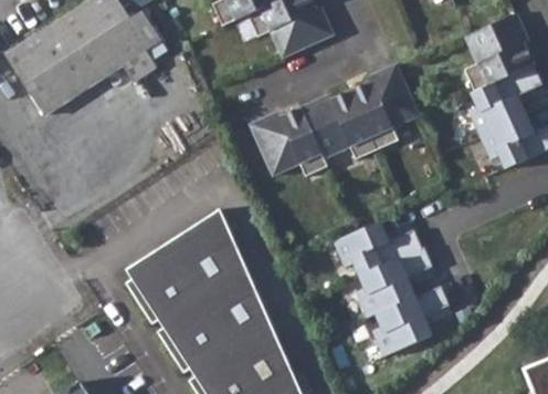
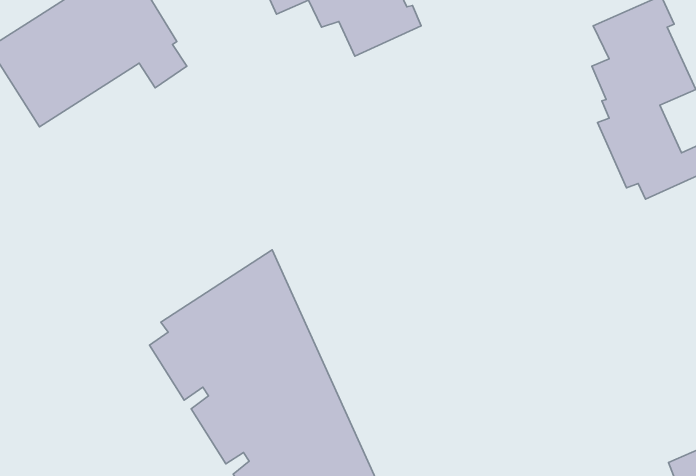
building: [251,65,420,176] -> none
building: [334,221,449,356] -> none

